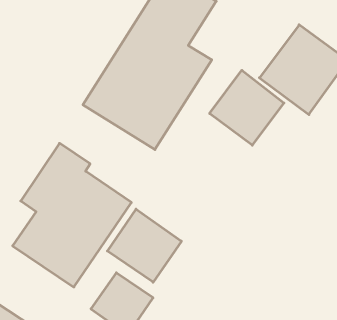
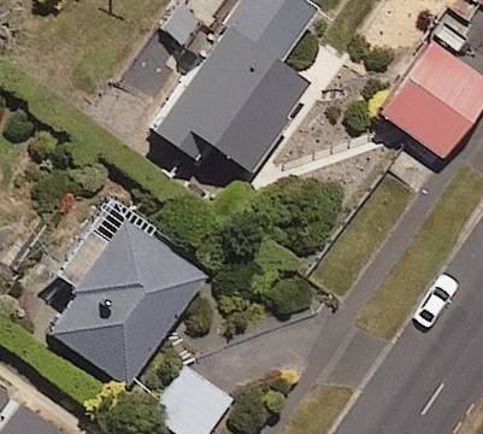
building: [210,70,284,145] -> none
building: [107,209,181,282] -> none

